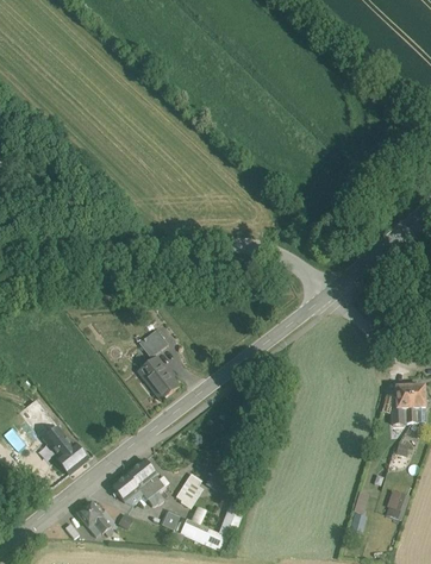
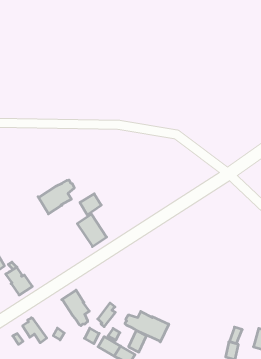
building: none -> [38,180,74,214]
building: [112,472,143,503] -> none
building: none -> [125,311,169,342]

